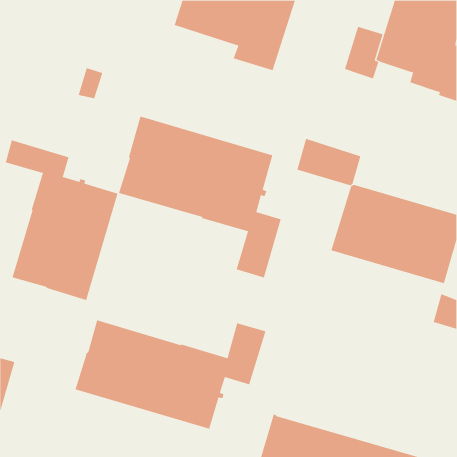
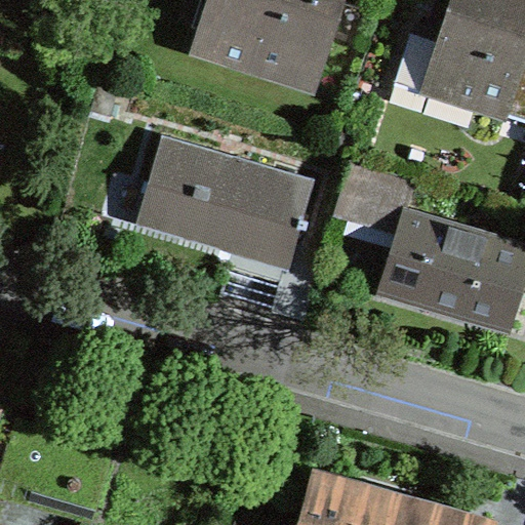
building: [5,139,118,301] -> none
building: [75,319,266,430] -> none

